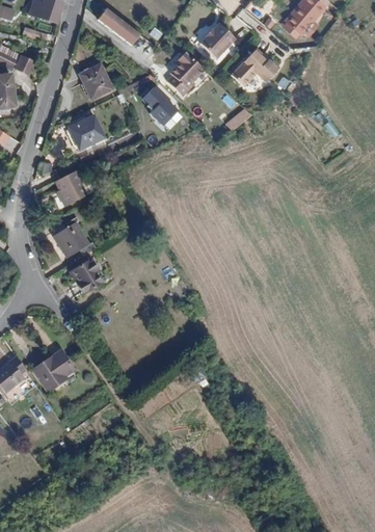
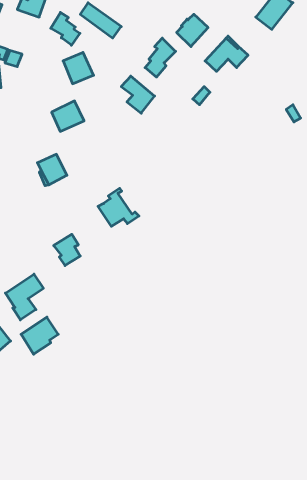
building: none -> [51,12,80,45]
building: [49,217,93,259] -> [98,188,139,226]
building: none -> [5,274,43,320]

